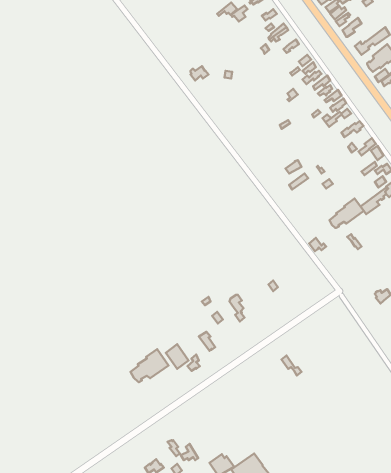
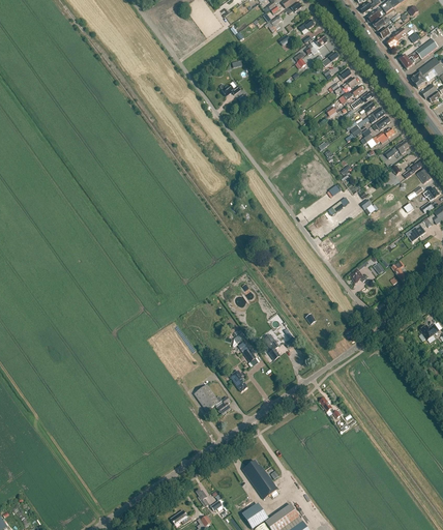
building: [329,198,364,228] -> none
building: [131,349,169,382] -> none
building: none -> [242,459,277,498]

